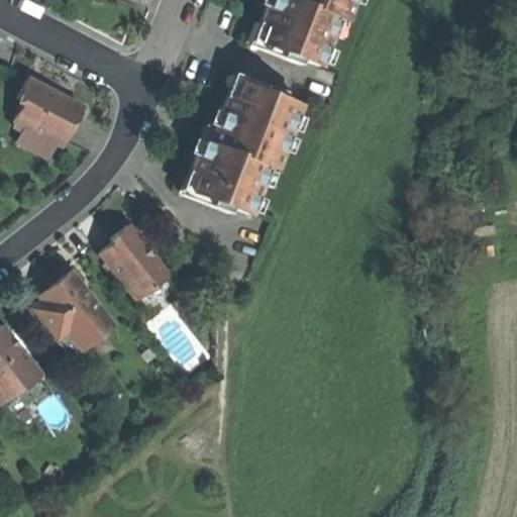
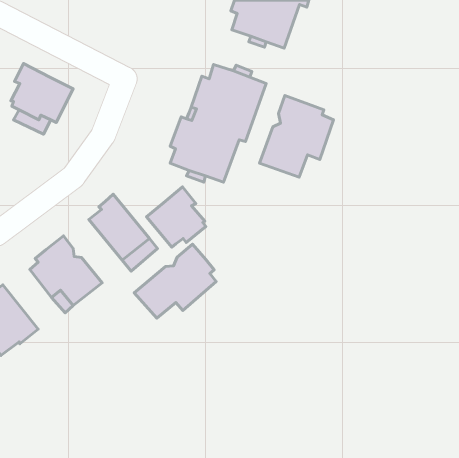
building: none -> [259,96,334,177]
building: none -> [147,187,206,247]
building: none -> [134,244,216,318]

